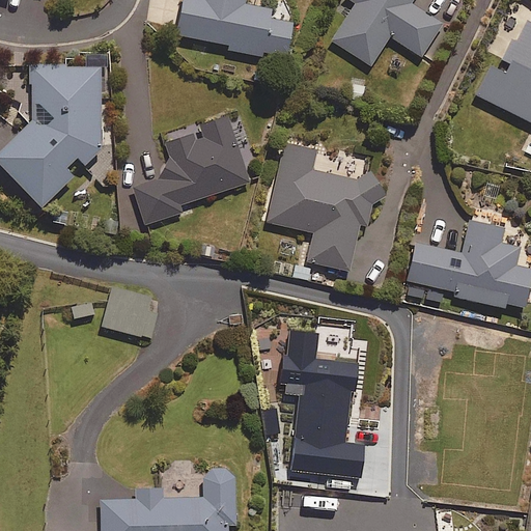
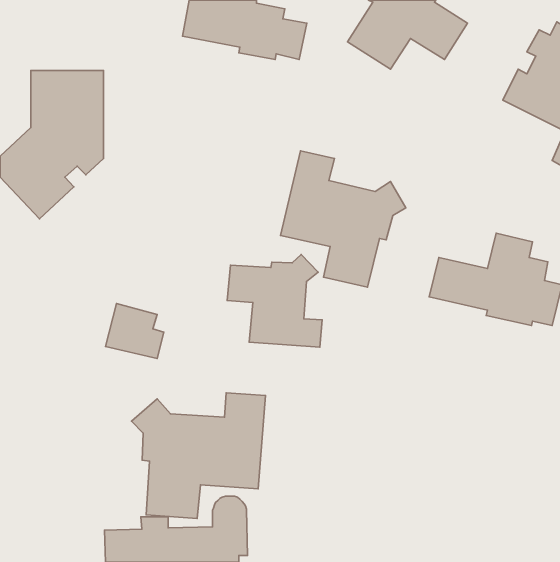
building: [124,113,251,229] -> none
building: none -> [227,255,322,347]
building: [278,329,368,479] -> none
building: none -> [132,393,266,518]

